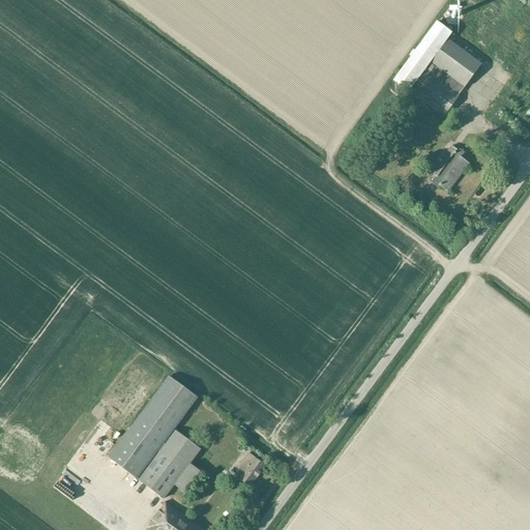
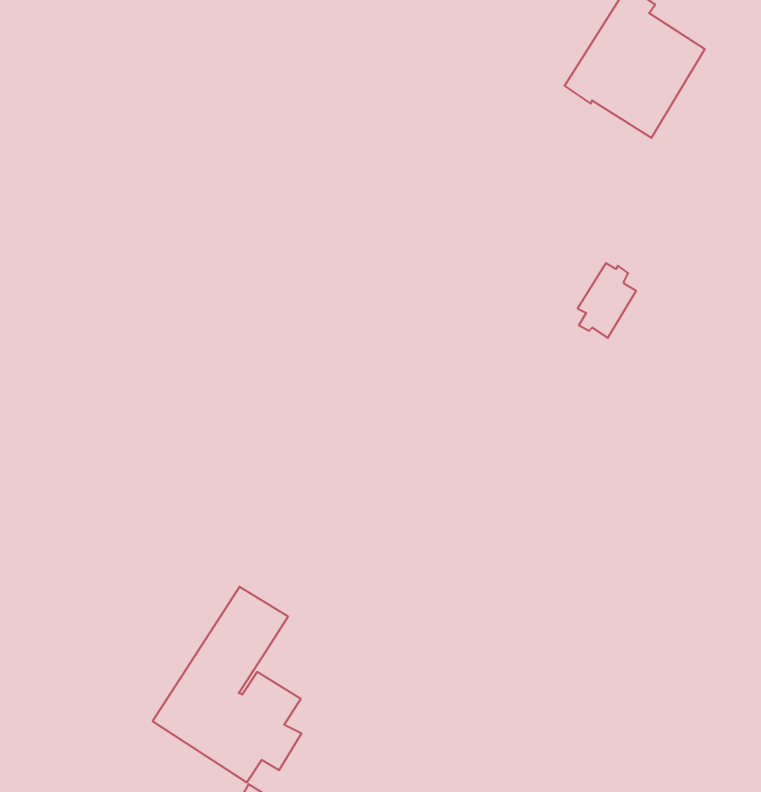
building: [432,144,469,190] -> [578,263,636,338]
building: [235,451,266,485] -> none

